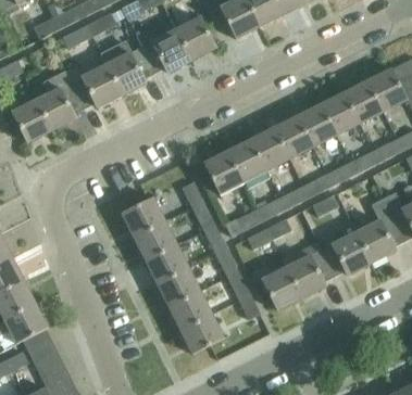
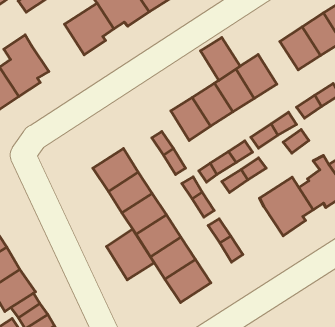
building: [72,64,123,110] -> none
building: [297,104,335,146] -> [200,38,240,80]
building: [262,267,302,310] -> none
building: none -> [106,229,154,280]

